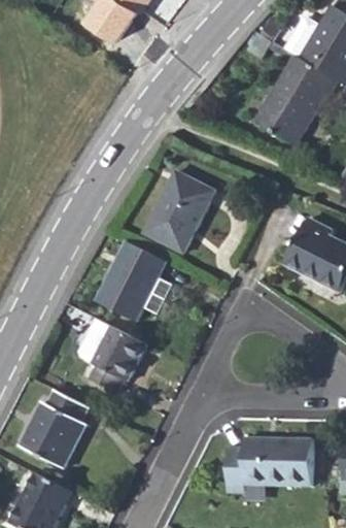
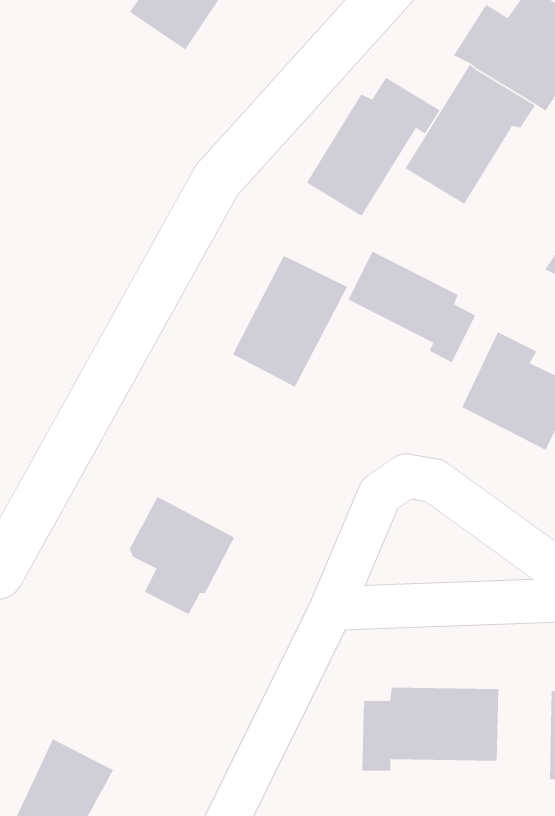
building: none -> [306,77,441,217]
building: none -> [348,251,476,363]
building: [99,242,174,322] -> none
building: [19,390,86,467] -> none

